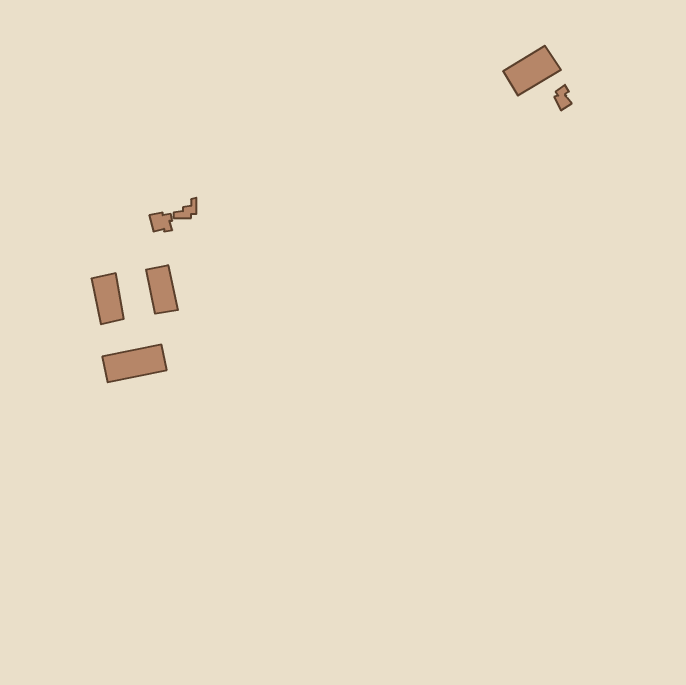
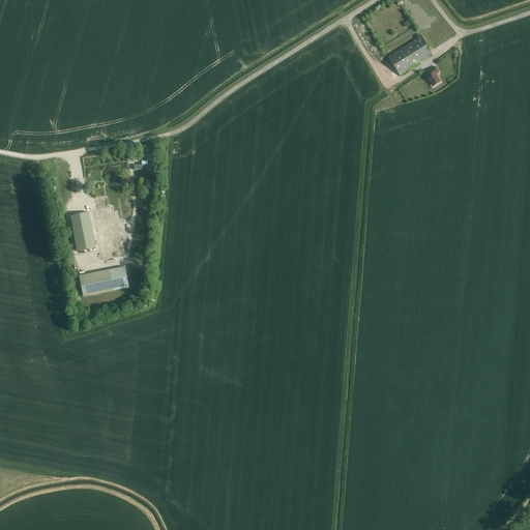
building: [146,265,178,314] -> none

